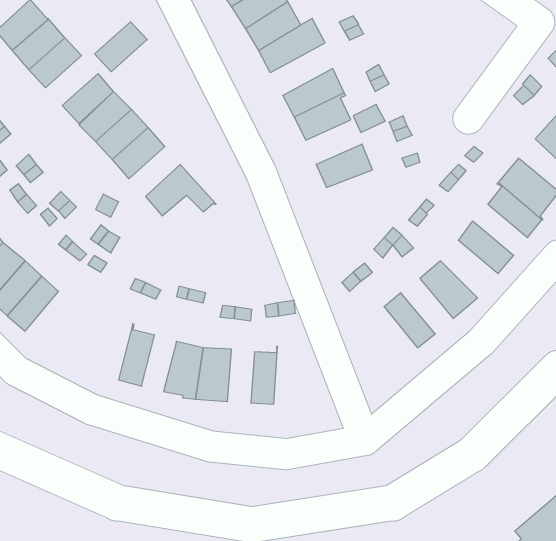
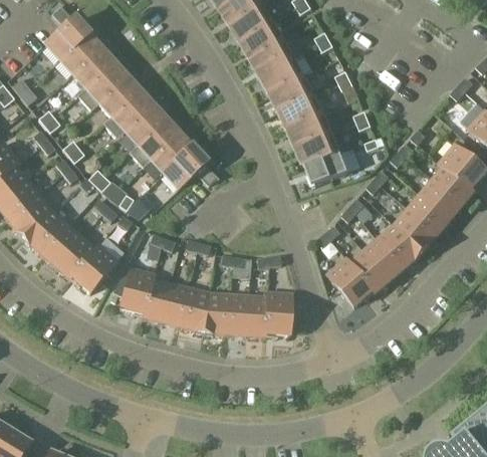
building: [95,22,147,72] -> [84,62,126,101]
building: none -> [261,52,304,93]
building: none -> [288,112,332,148]
building: none -> [150,134,190,173]
building: none -> [304,152,348,186]
building: none -> [420,179,462,219]
building: none -> [394,207,439,252]
building: none -> [362,237,404,280]
building: none -> [68,243,117,292]
building: none -> [327,257,376,305]
building: none -> [118,266,153,316]
building: none -> [160,281,187,325]
building: none -> [263,290,291,336]
building: none -> [227,293,248,334]

